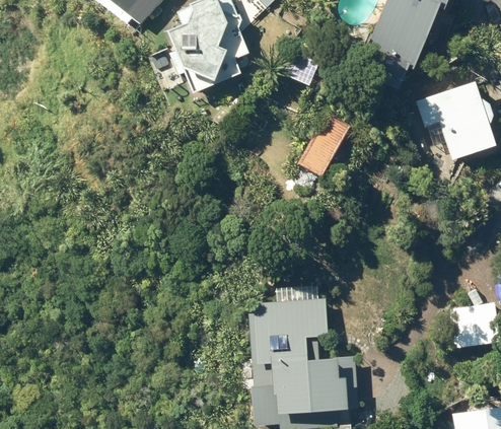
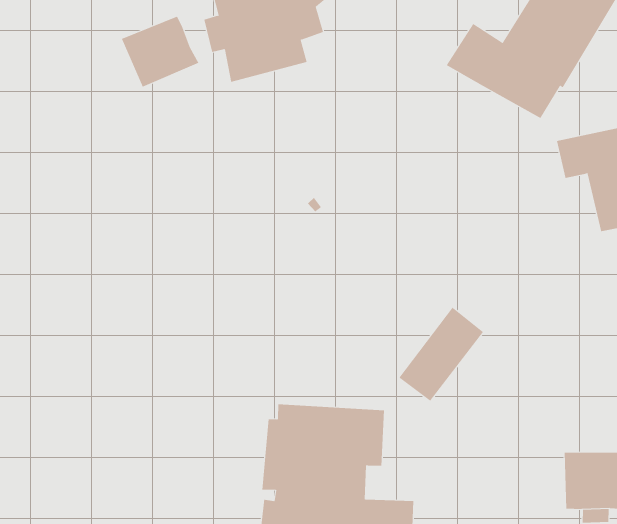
building: none -> [121,16,199,88]
building: [298,112,351,176] -> [399,307,484,401]

